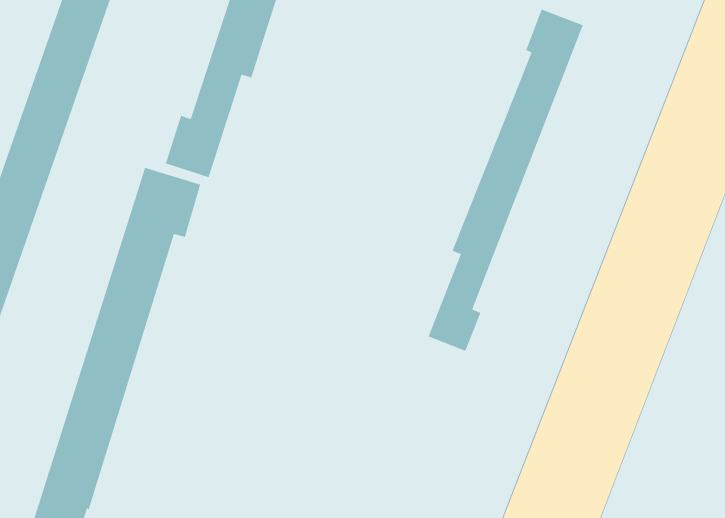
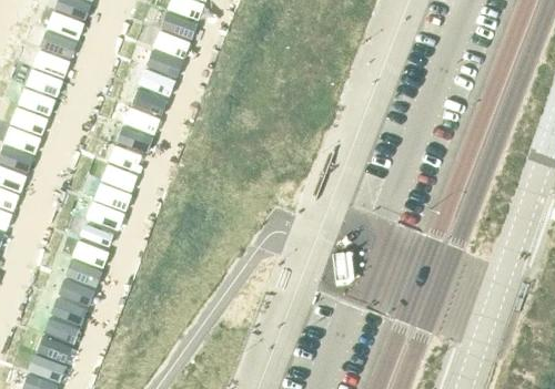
building: [428,8,584,352] -> none

